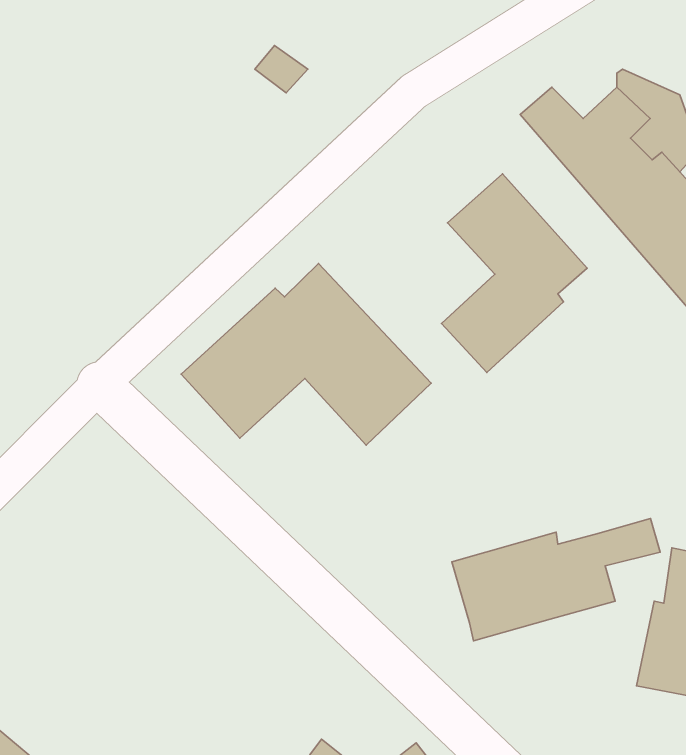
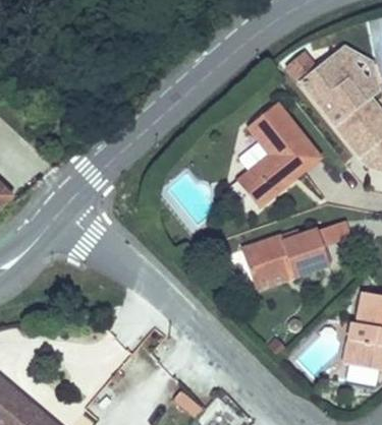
building: [181,263,431,445] -> none
building: [452,519,660,641] -> [247,223,354,286]

